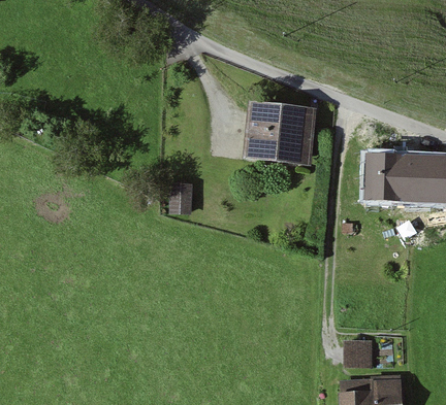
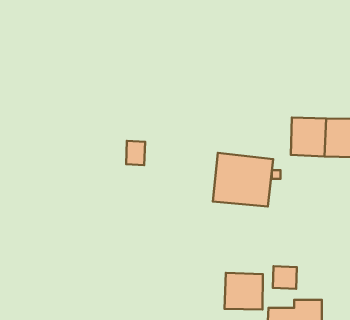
building: [243,102,315,166] -> [213,153,273,207]
building: none -> [224,273,263,310]

